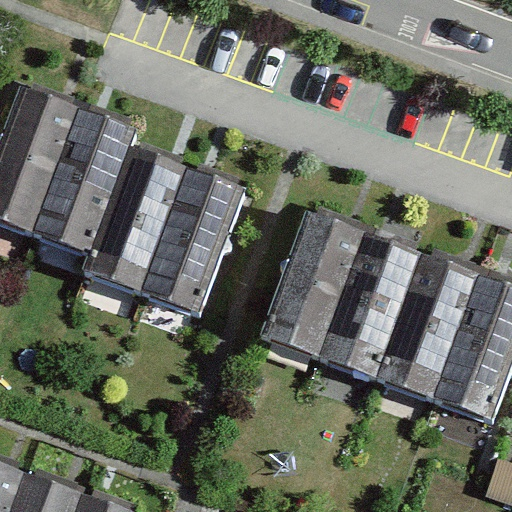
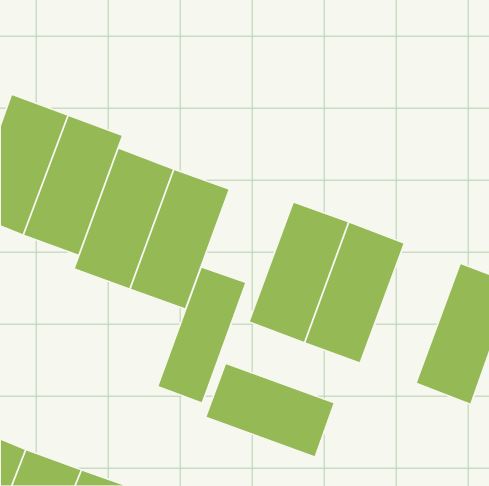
building: [377,253,481,399] -> none
building: none -> [157,267,246,403]
building: none -> [206,363,335,457]

